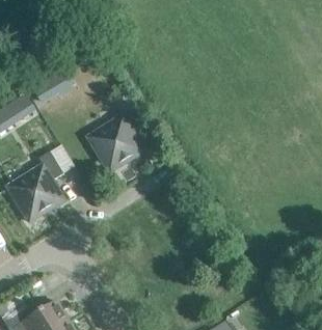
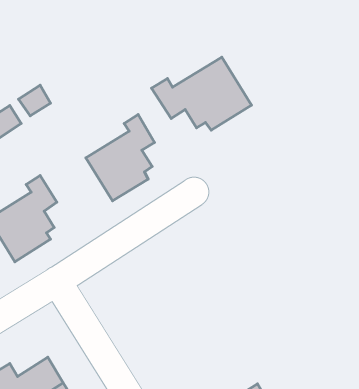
building: none -> [151,57,251,130]

